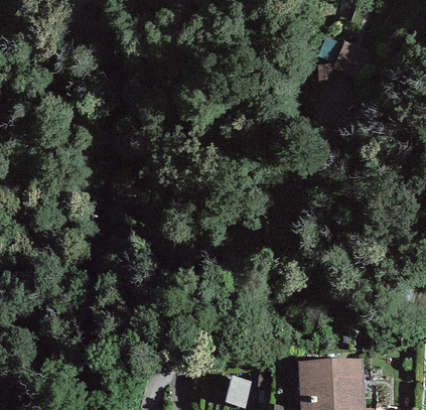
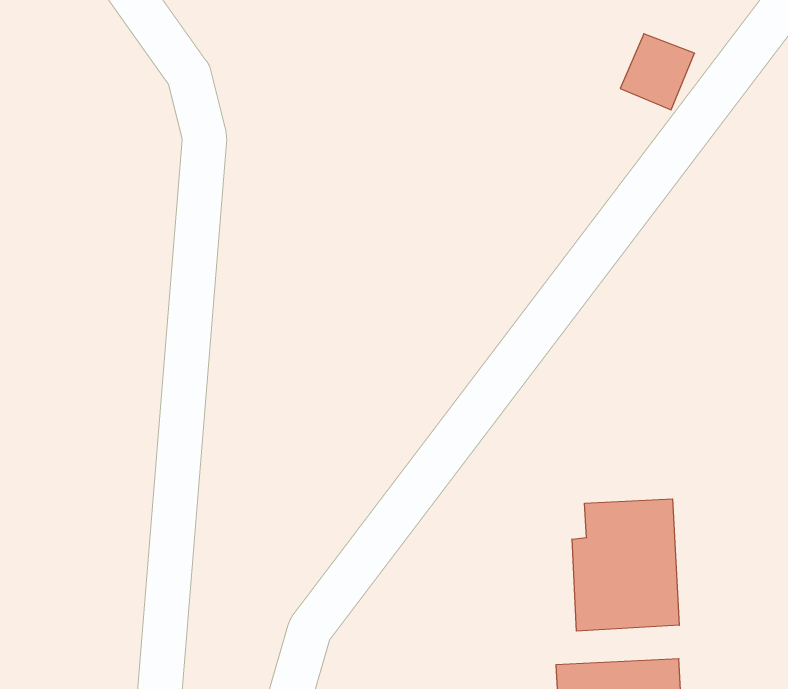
building: none -> [572,499,679,631]

